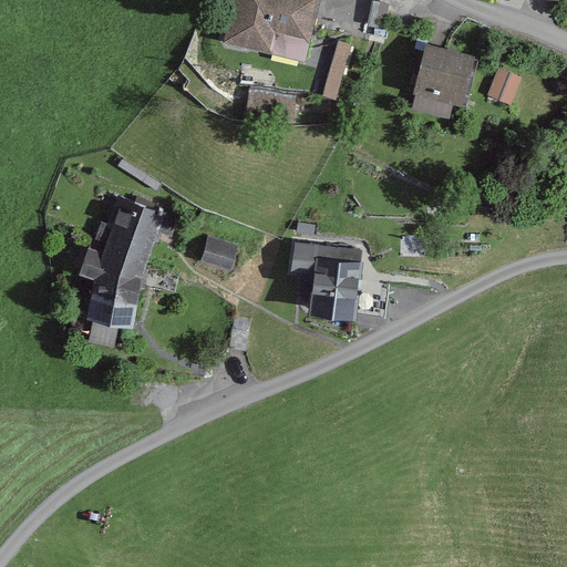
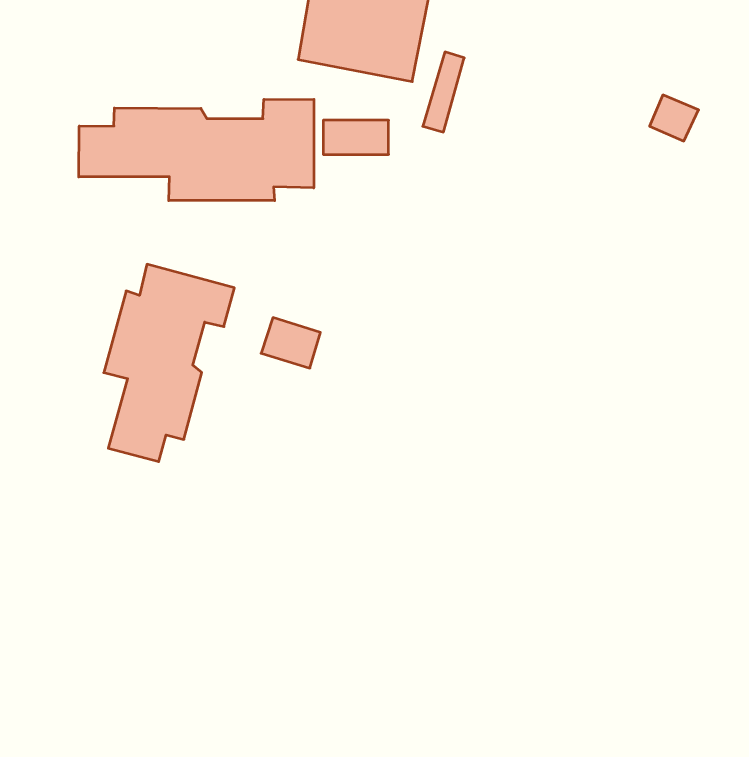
building: [410,42,482,118] -> none
building: none -> [79,99,314,201]
building: [291,244,362,313] -> none

